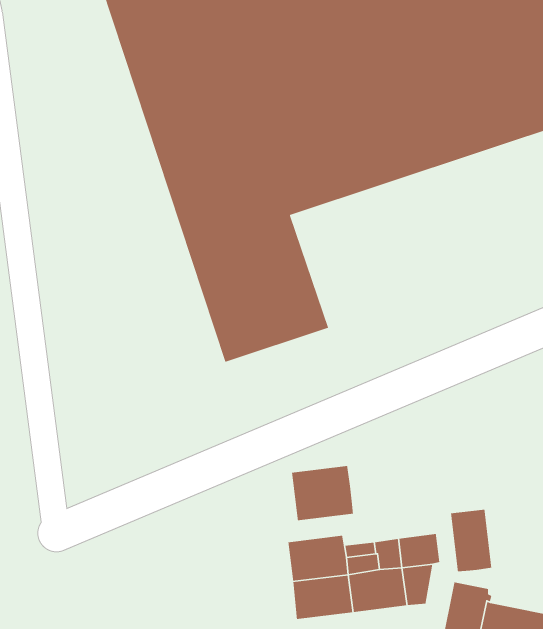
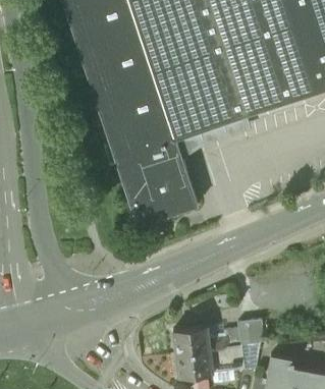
building: [291,465,354,521] -> none
building: [450,509,492,572] -> none

